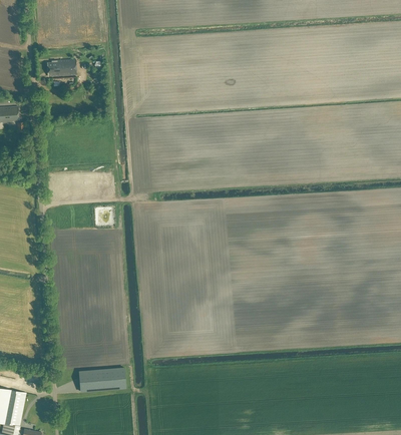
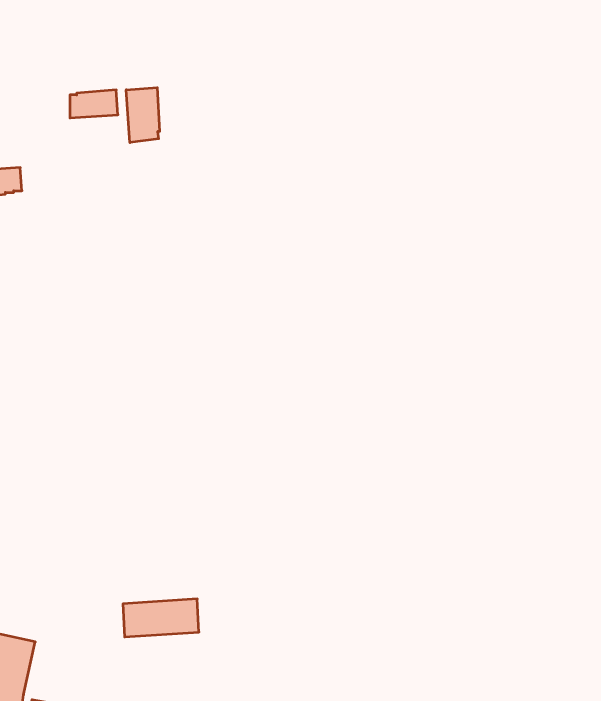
building: none -> [126,88,160,143]

